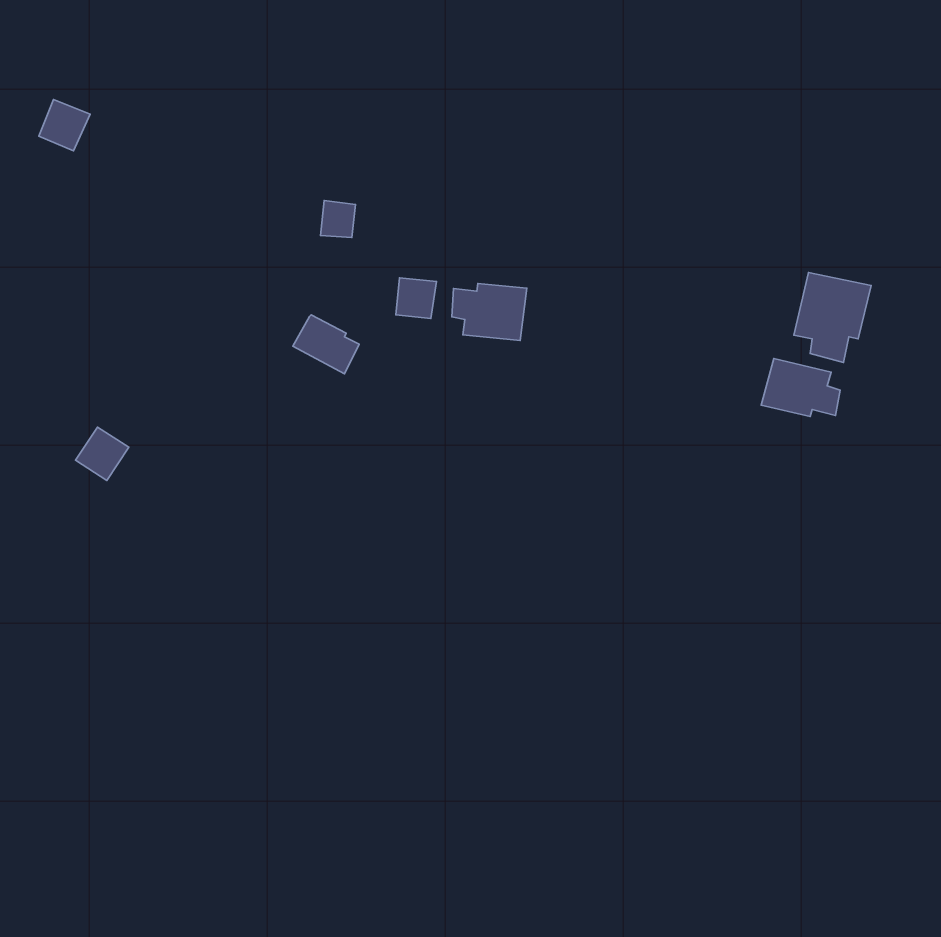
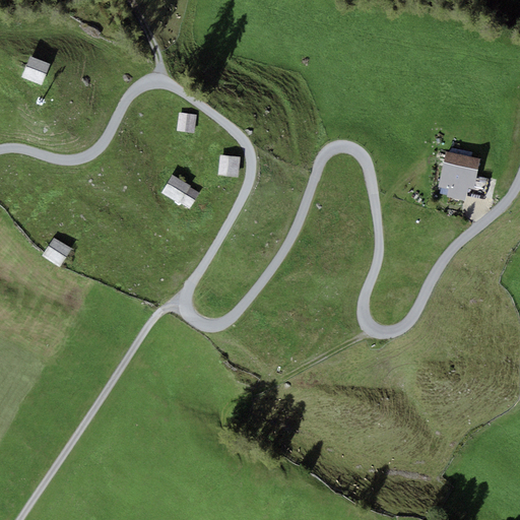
building: [452,284,527,340] -> none
building: [761,359,840,416] -> none

